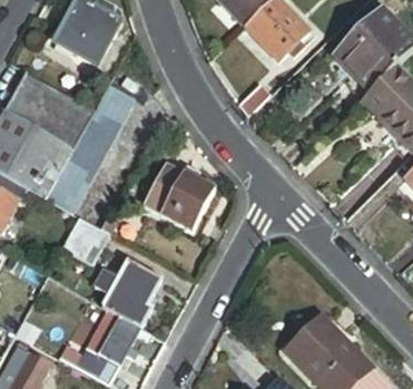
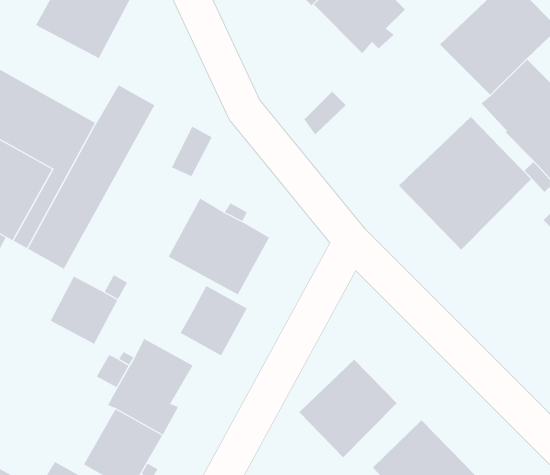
building: none -> [398,116,532,251]
building: none -> [180,285,247,356]
building: none -> [299,359,398,458]

